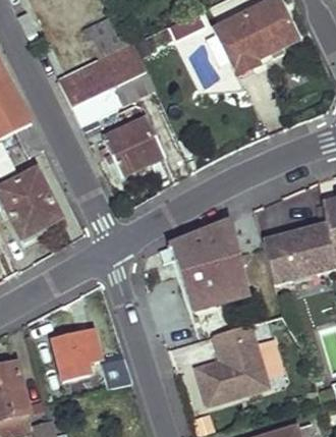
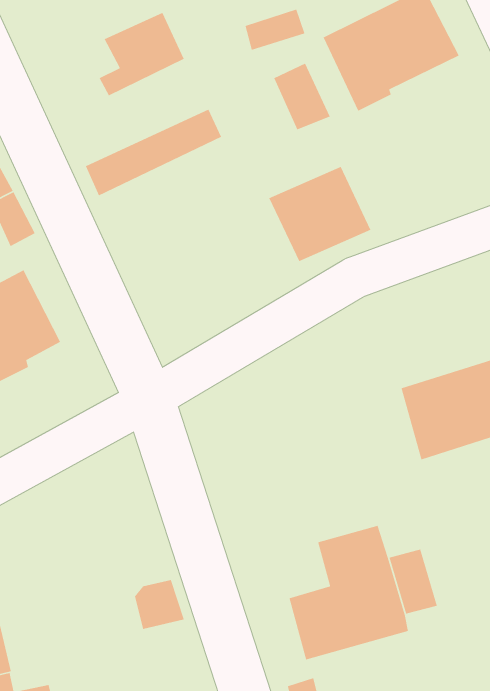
building: [59,43,147,107] -> none
building: [102,118,164,176] -> [268,166,372,262]
building: [169,219,248,310] -> none
building: [53,332,100,378] -> none

